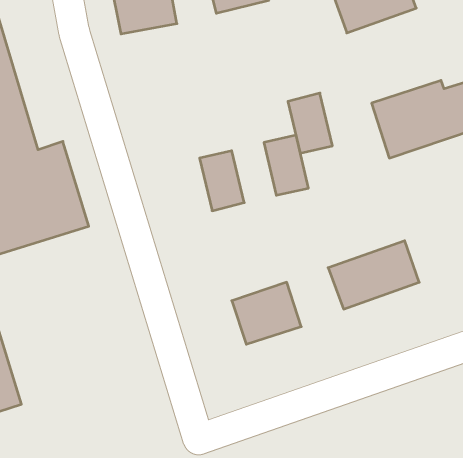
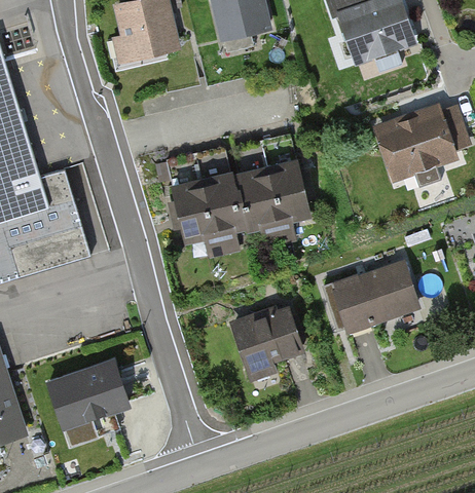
building: [288,93,332,153] -> [232,168,277,228]
building: none -> [169,184,213,243]
building: none -> [46,356,130,430]

